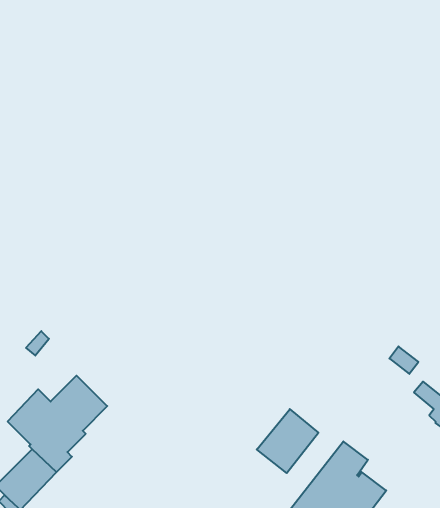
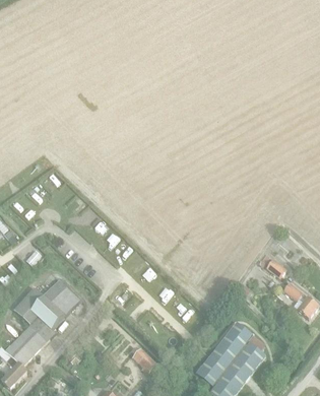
building: [257,409,318,473] -> none

